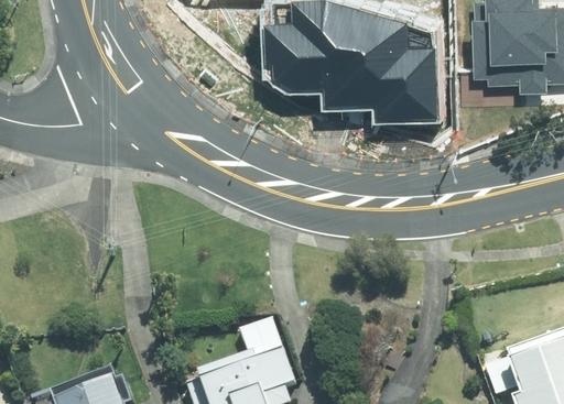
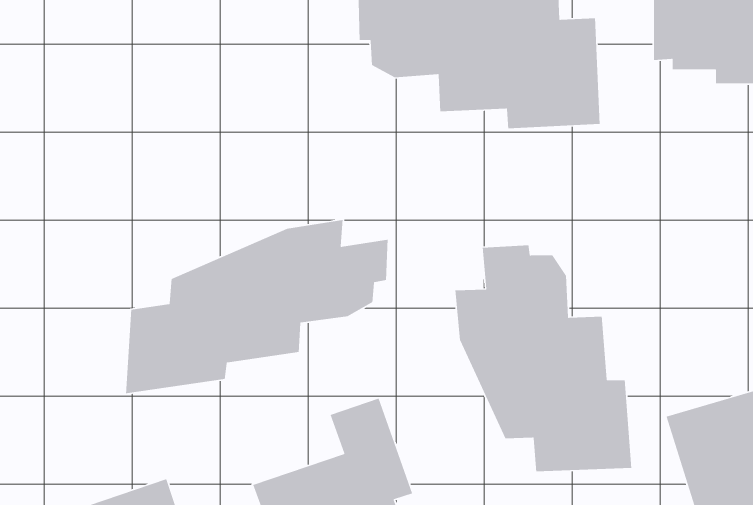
building: none -> [125,219,389,394]
building: none -> [455,245,632,472]

